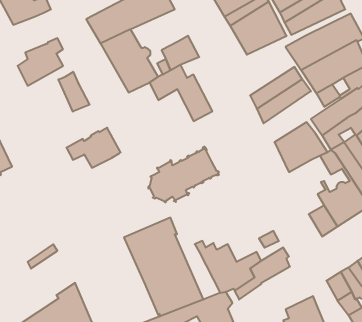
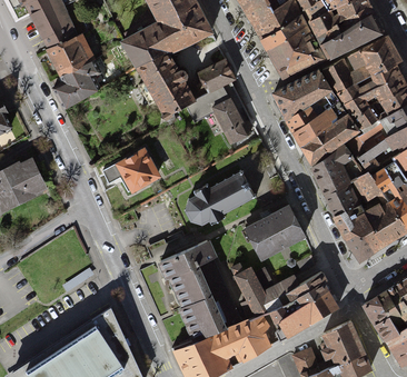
building: none -> [47,36,93,76]
building: none -> [274,70,331,119]
building: [58,72,90,112] -> none
building: none -> [300,115,359,163]
building: none -> [326,183,363,238]
building: none -> [246,206,305,258]
building: none -> [276,290,338,340]

